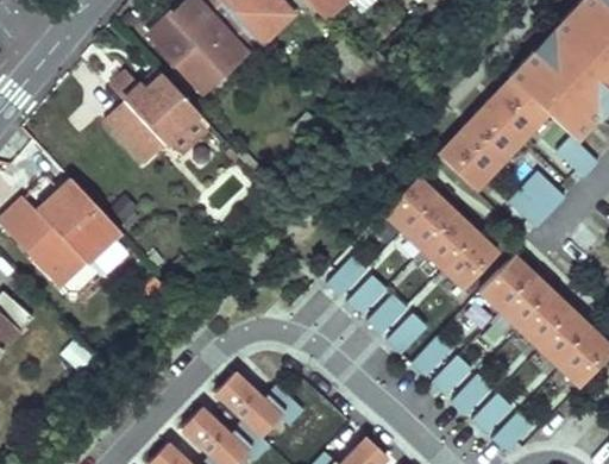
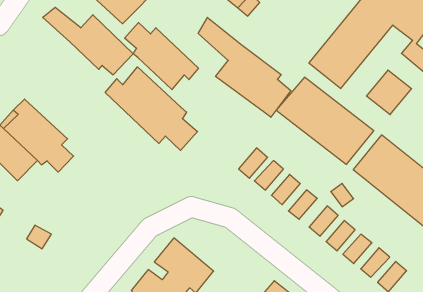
building: none -> [125,23,198,90]
building: none -> [198,17,291,117]
building: [114,107,165,163] -> none
building: none -> [105,67,198,150]

